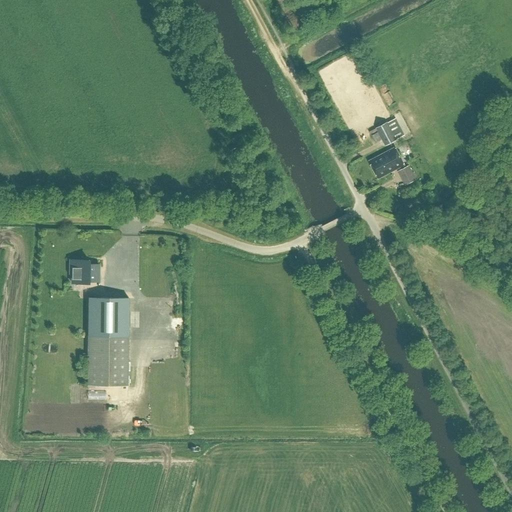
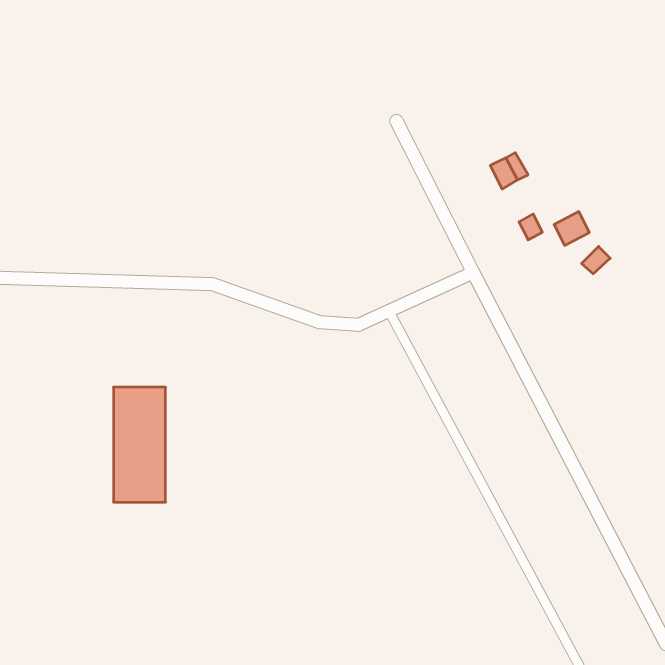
building: [371,150,398,176] -> [554,212,589,245]
building: [71,260,99,284] -> none

